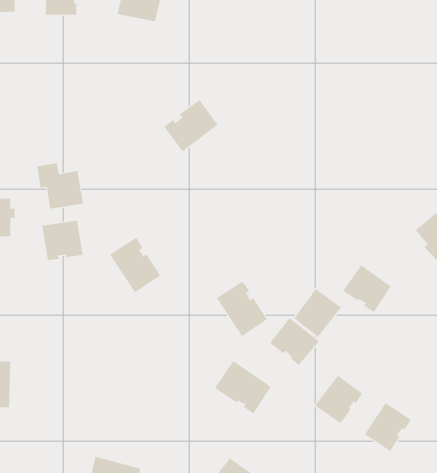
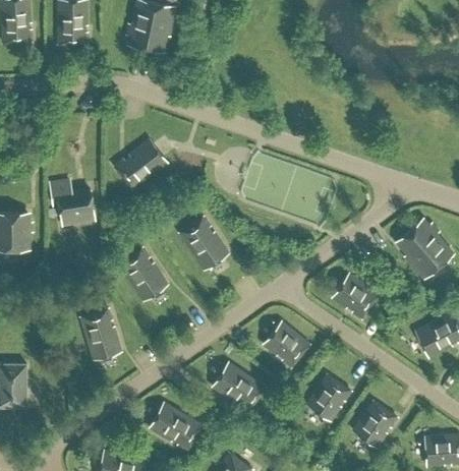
building: [163,99,219,152] -> [117,140,168,189]
building: [42,220,83,261] -> none
building: [216,281,268,337] -> [181,220,229,272]
building: [293,288,342,338] -> none
building: none -> [78,310,120,359]
building: none -> [151,403,203,451]

